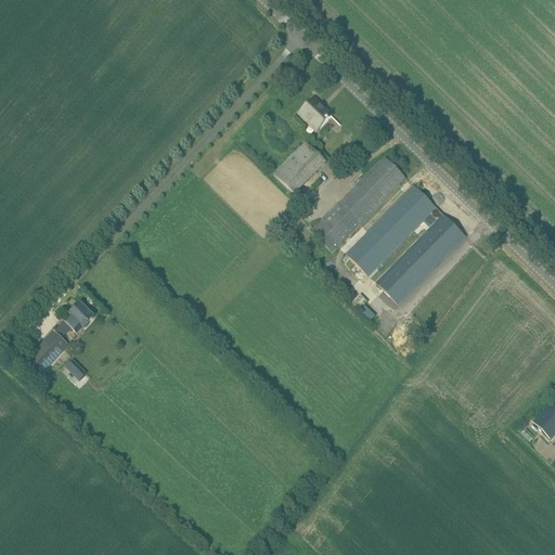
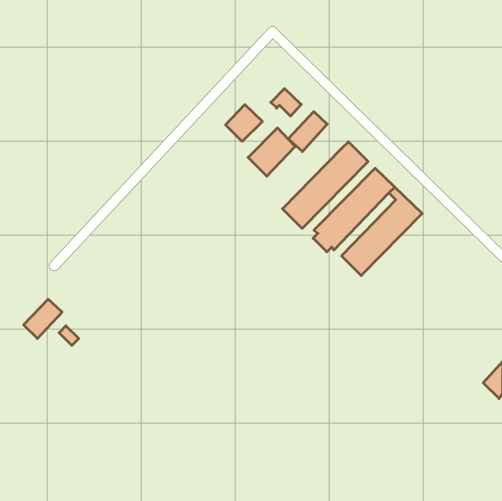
building: none -> [226,105,262,141]
building: none -> [288,112,327,152]
building: [65,302,94,333] -> none

